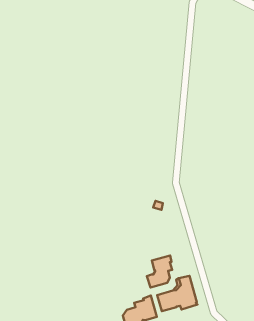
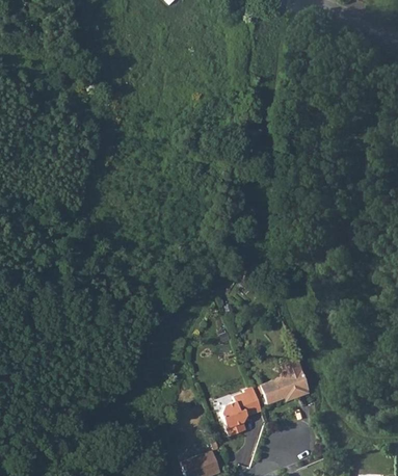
building: [147,256,172,288] -> none

